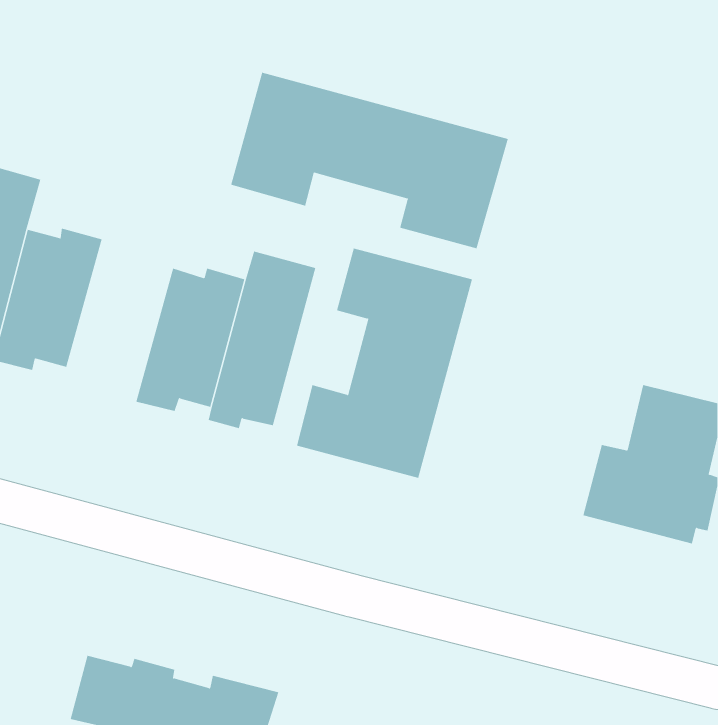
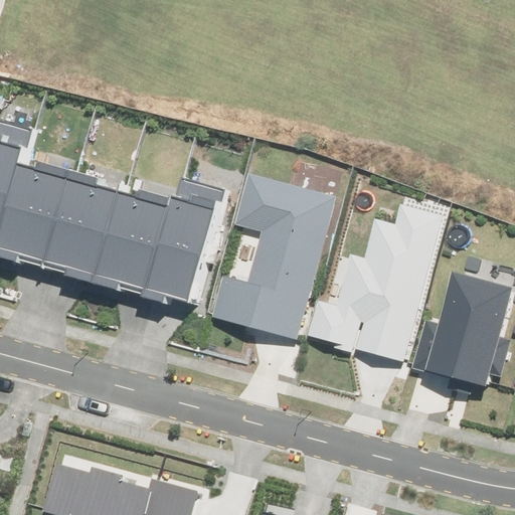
building: [230,72,508,249] -> none
building: none -> [47,171,122,286]
building: none -> [307,203,442,362]

